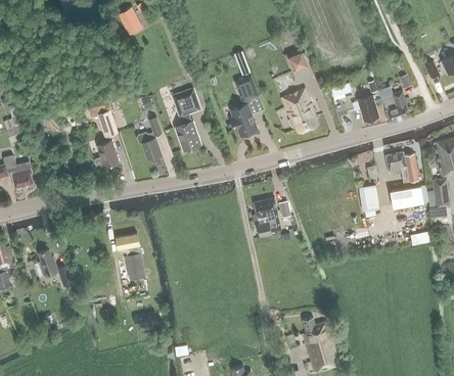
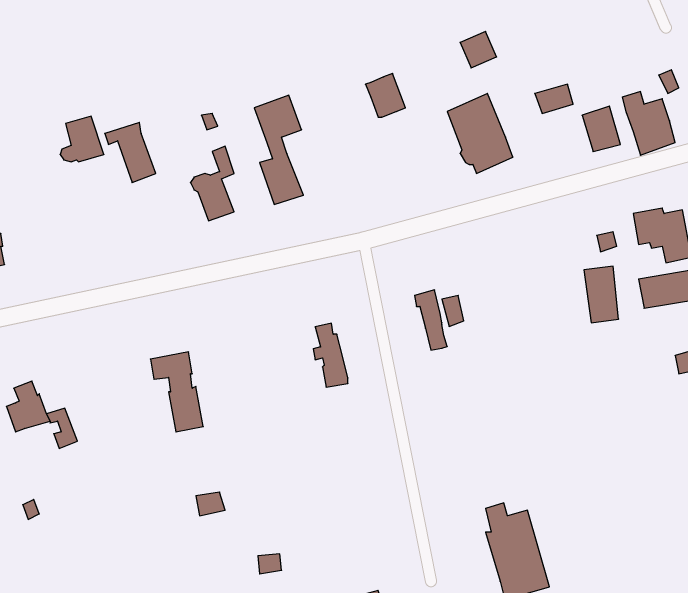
building: [229,103,257,136] -> none
building: [94,141,119,167] -> [60,116,104,162]
building: [253,201,272,237] -> [313,323,348,387]

